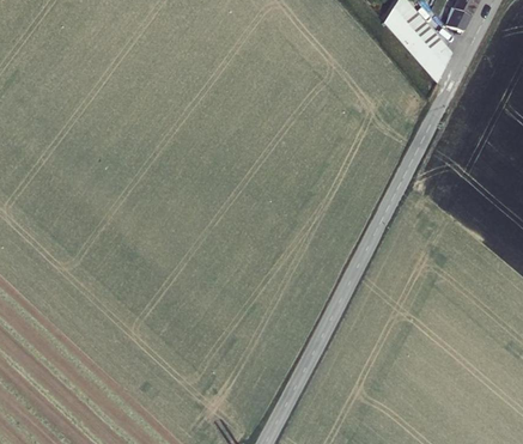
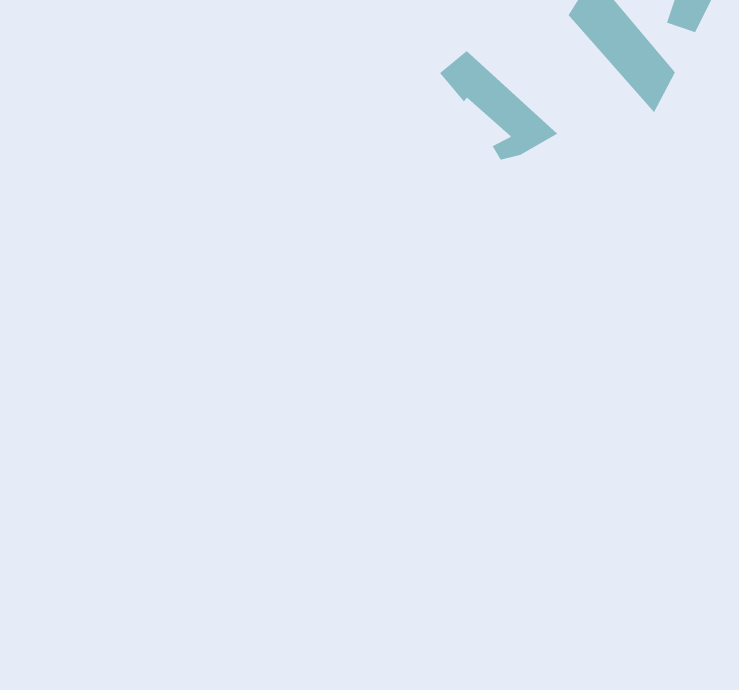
building: none -> [439,50,558,160]

